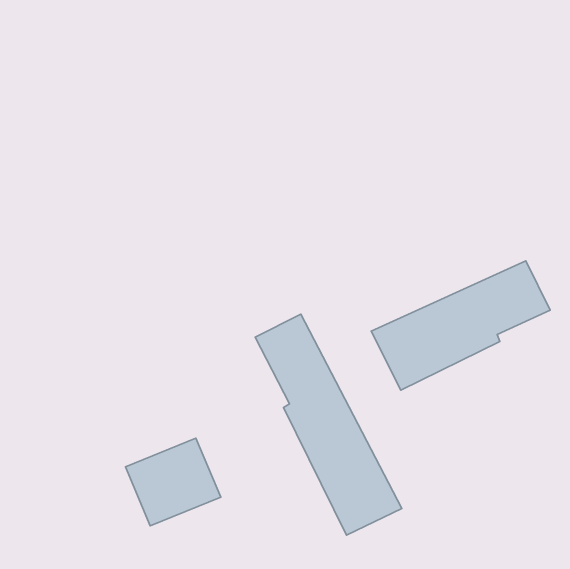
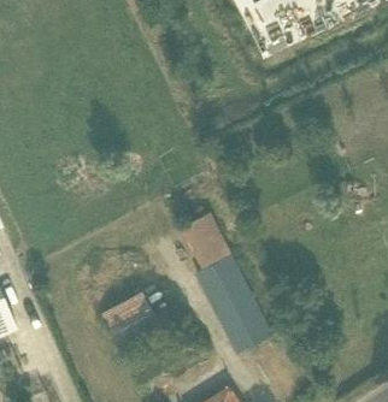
building: [371,261,550,390] -> none

